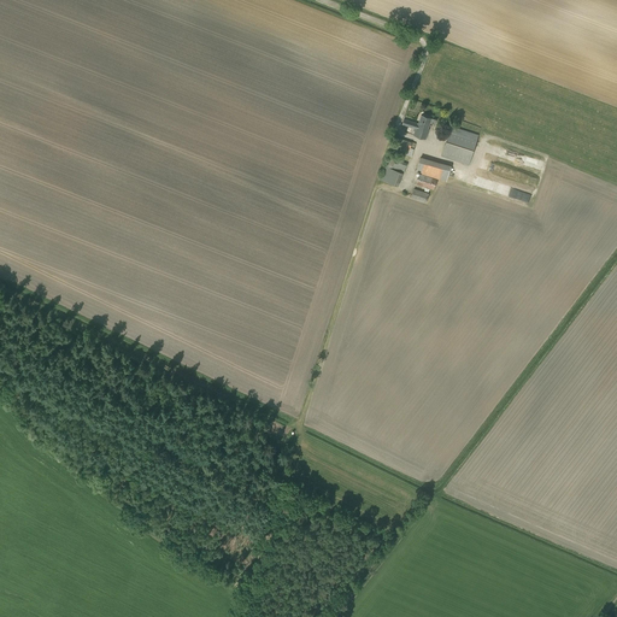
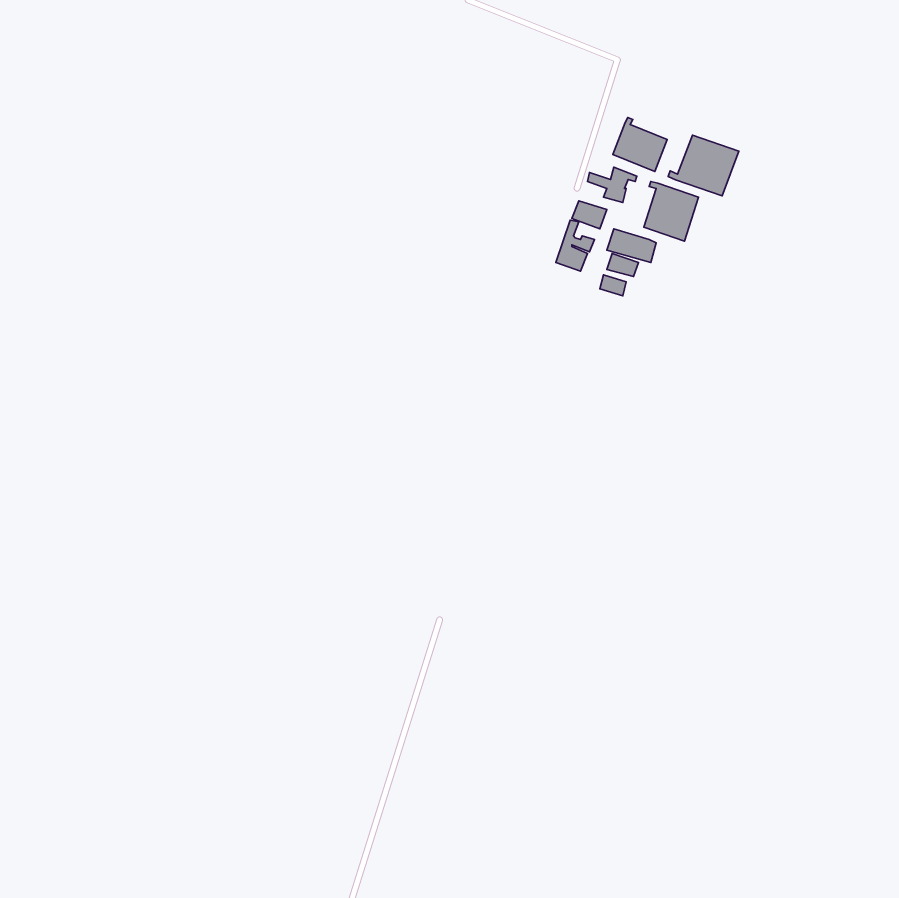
building: none -> [613,117,667,172]
building: none -> [668,135,739,196]

